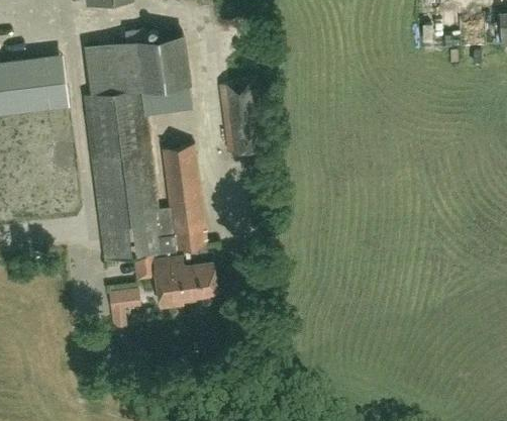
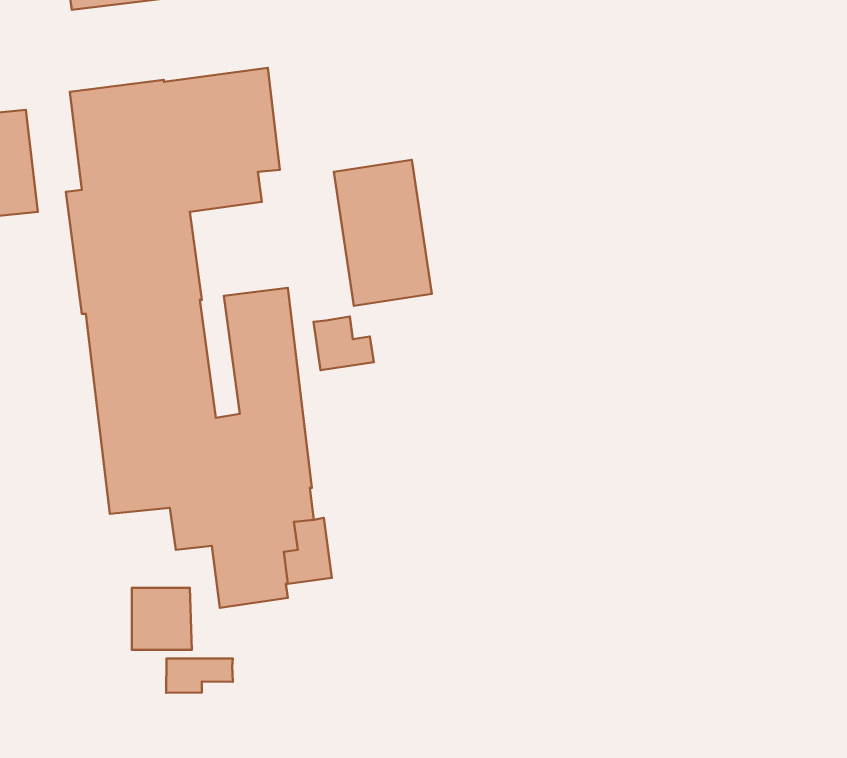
building: none -> [313,316,374,370]
building: none -> [166,658,233,693]

